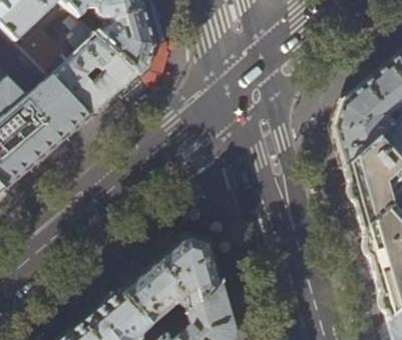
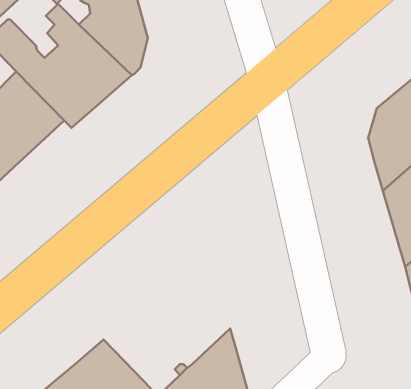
building: [118,236,222,327] -> none

